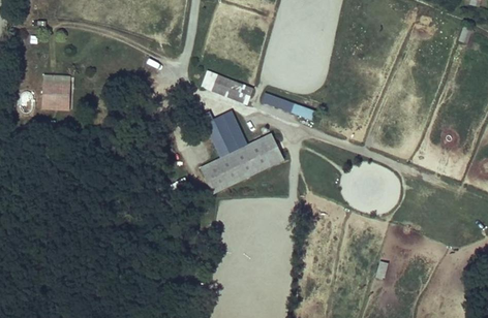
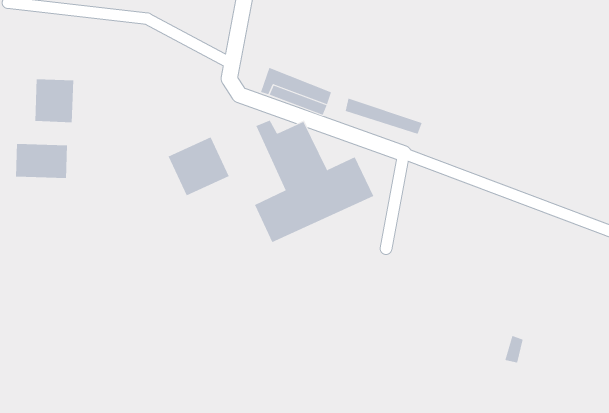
building: none -> [168,136,229,196]
building: none -> [16,143,67,179]

